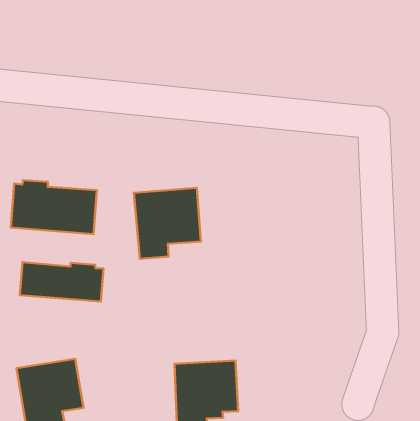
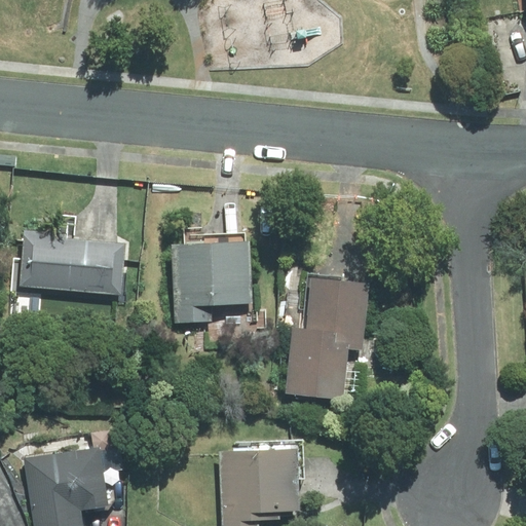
building: none -> [286,281,368,402]
building: [20,262,104,302] -> none

